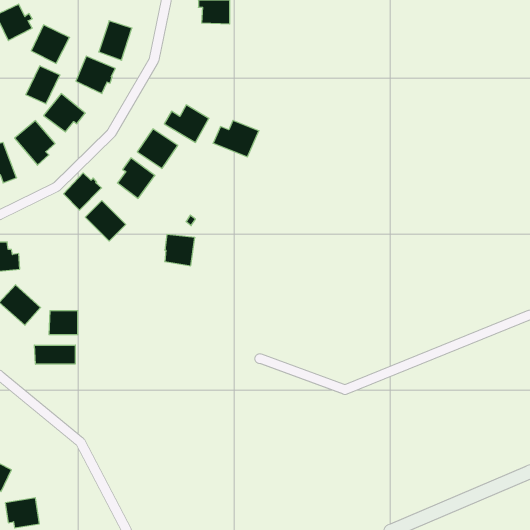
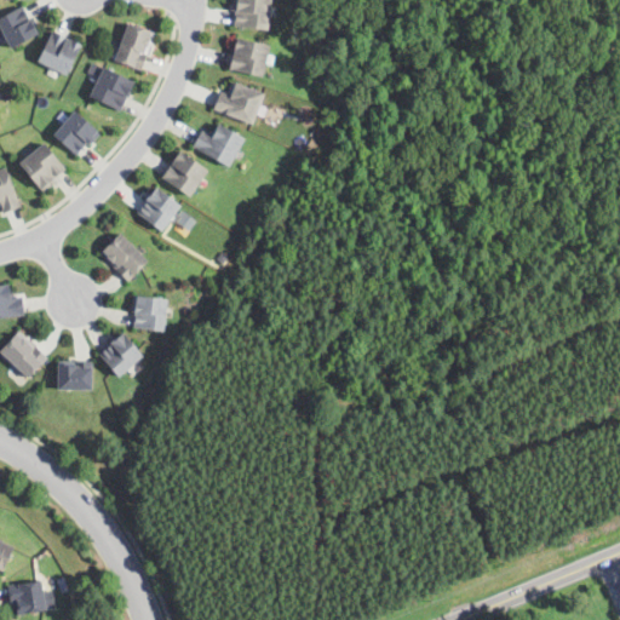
building: none -> [226,36,268,76]
building: [26,66,60,104] -> none
building: [213,120,259,157] -> [211,82,264,125]
building: [64,173,102,210] -> none
building: [165,235,195,266] -> [132,295,167,332]
building: none -> [94,333,143,378]
building: [34,345,75,364] -> none

